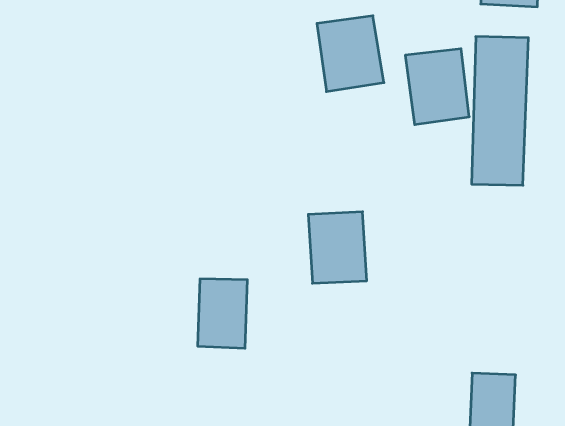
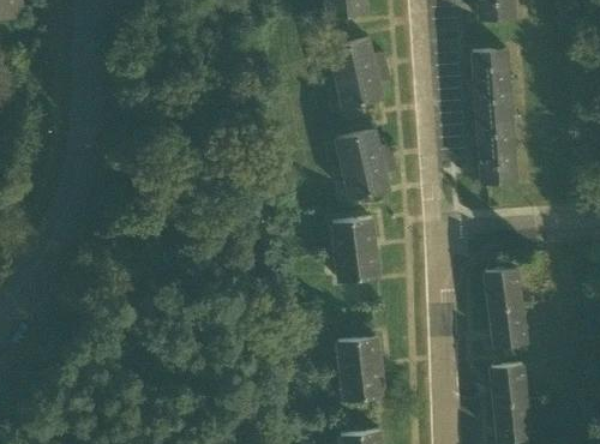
building: [405,49,469,125] -> [332,132,395,204]
building: none -> [479,259,528,343]
building: [198,279,247,348] -> [335,331,380,395]

